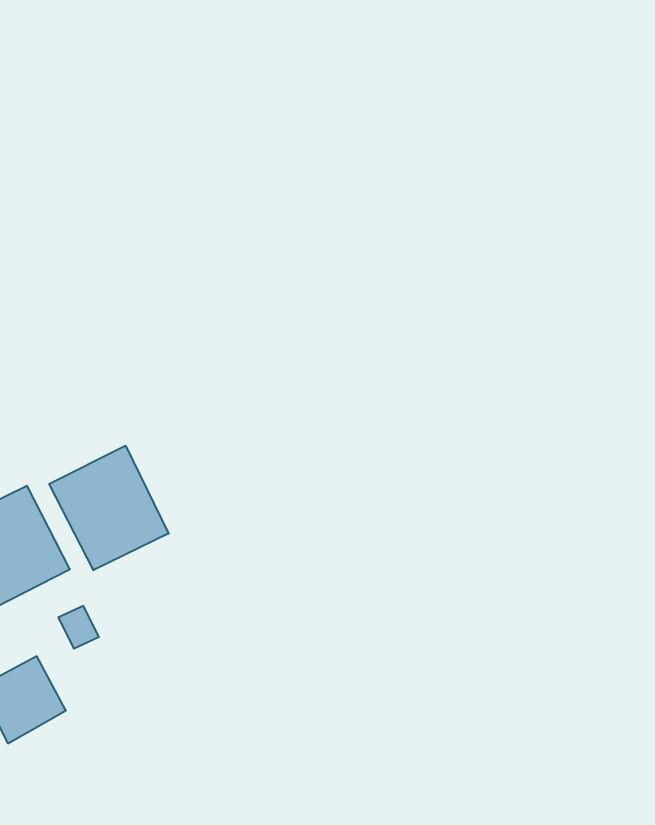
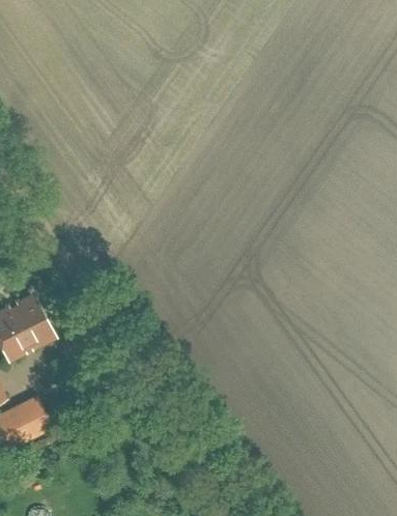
building: [49,446,169,570] -> none

